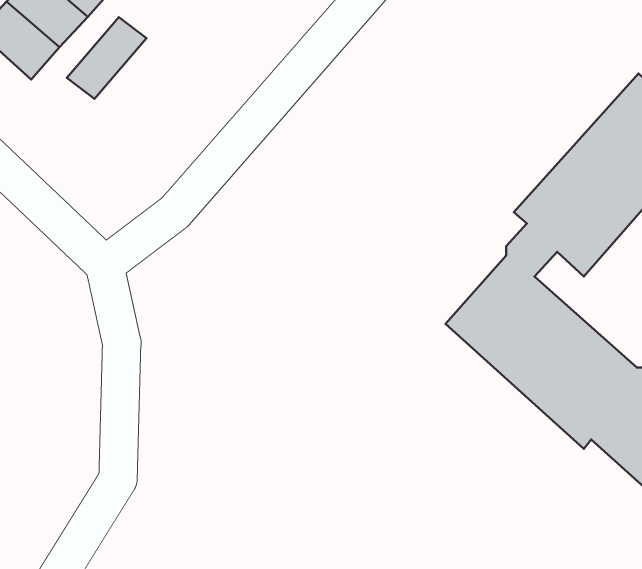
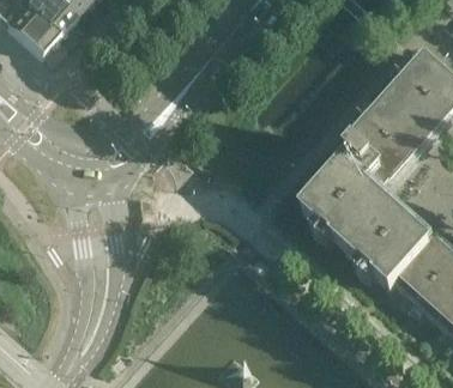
building: [67,17,147,99] -> none

